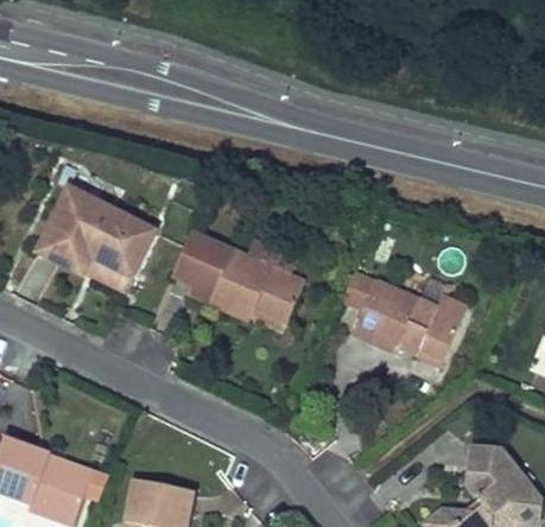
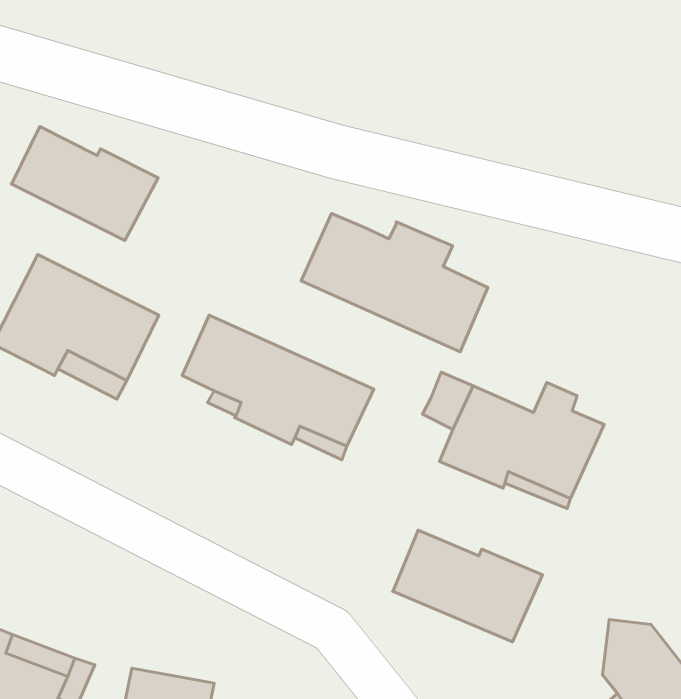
building: none -> [11,127,158,241]
building: none -> [301,214,488,352]
building: none -> [392,530,543,642]

